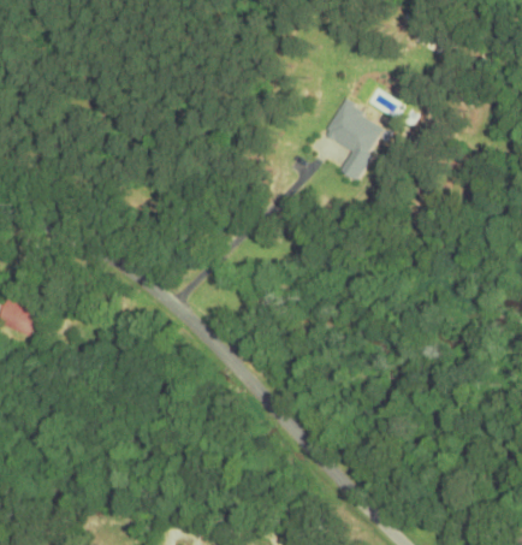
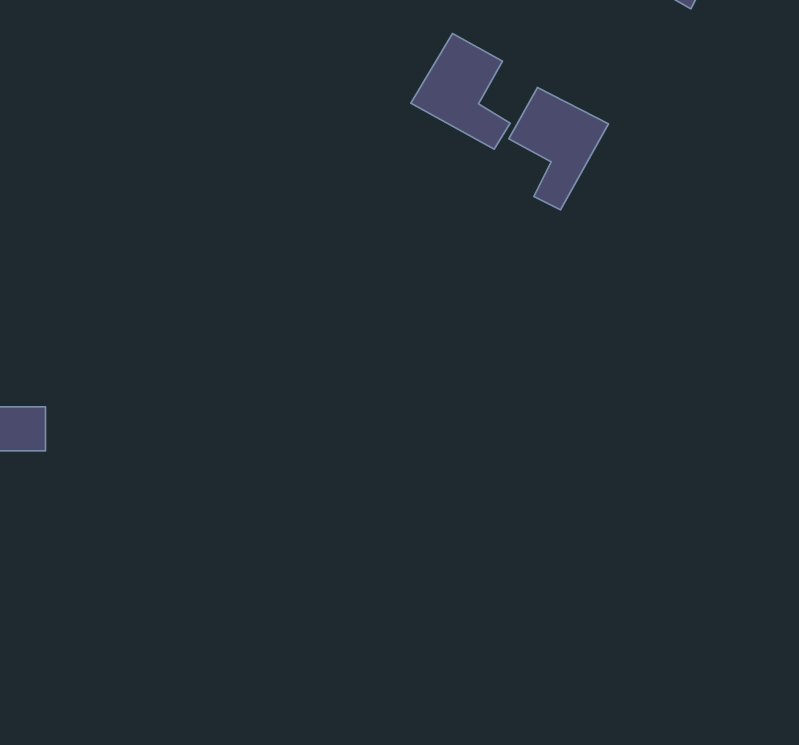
building: none -> [411,33,510,149]

